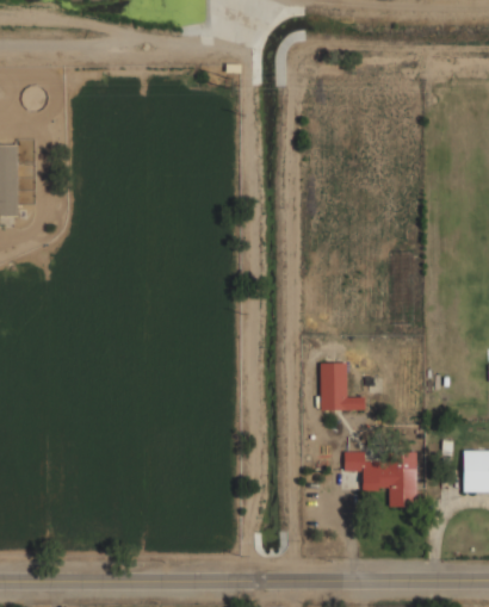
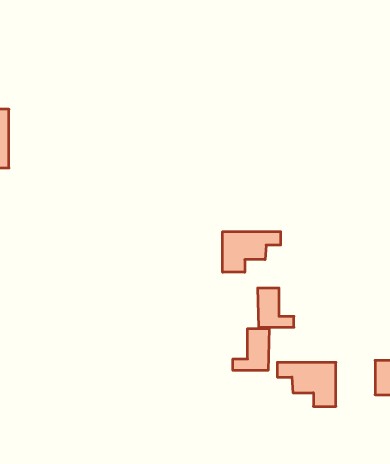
building: none -> [223,232,281,272]
building: none -> [233,329,269,370]

